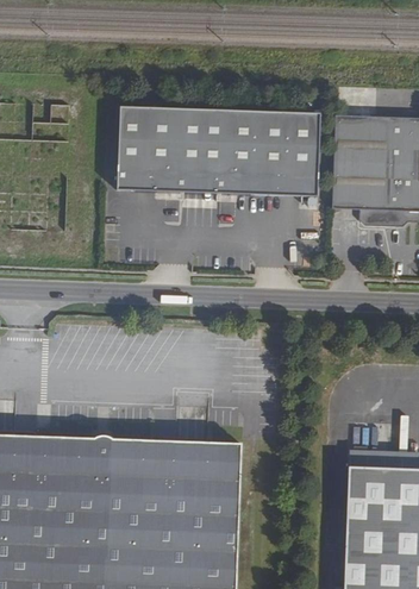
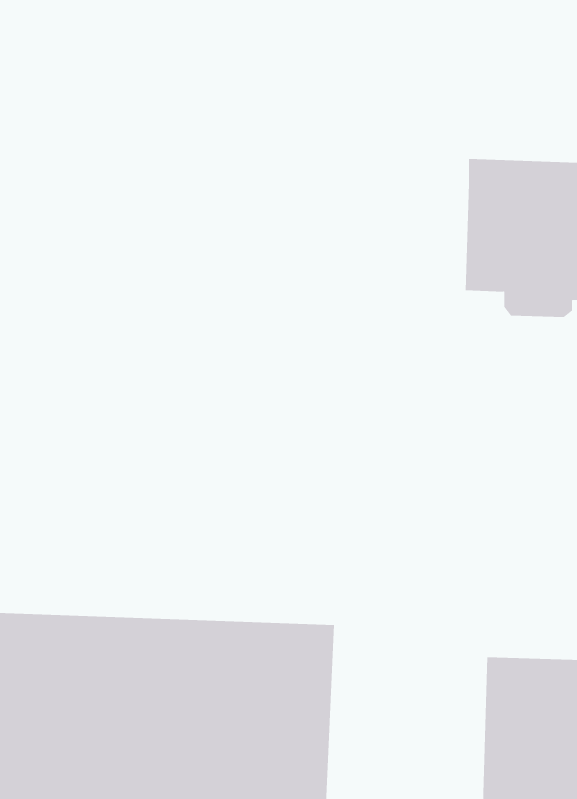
building: [115,106,320,198] -> none

